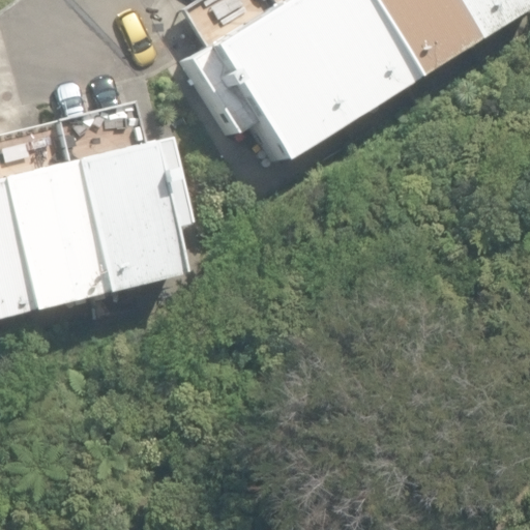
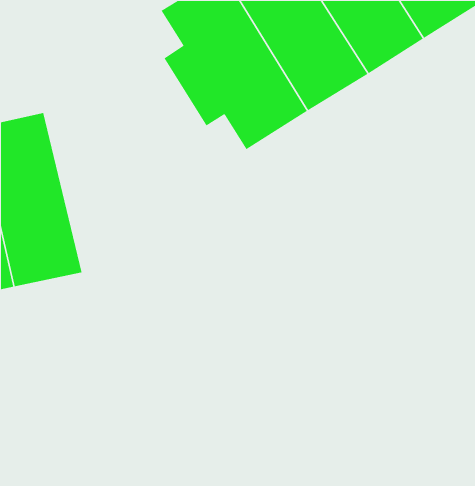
building: [59,101,188,297] -> none

